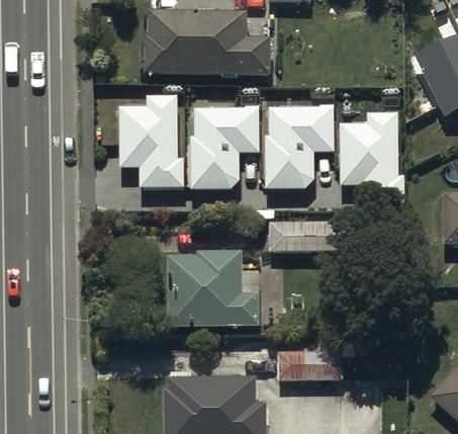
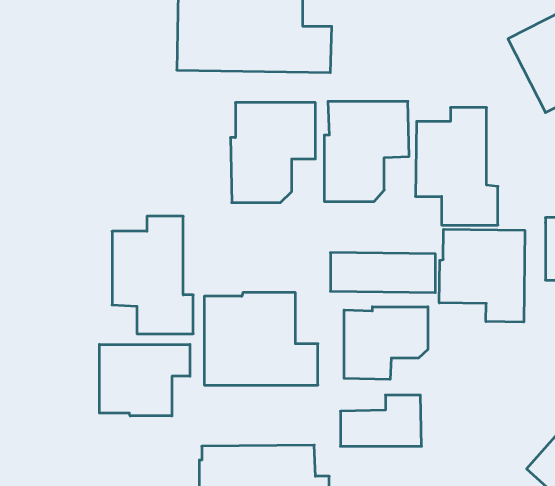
building: [118,89,184,184] -> [112,216,193,334]
building: none -> [439,229,525,322]
building: none -> [344,307,428,379]
building: none -> [99,344,190,416]

